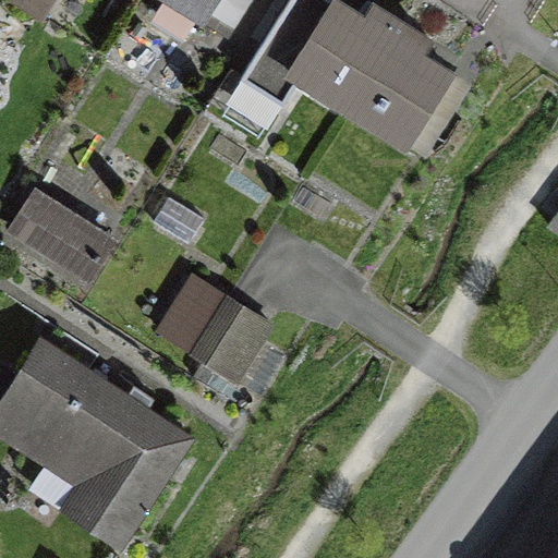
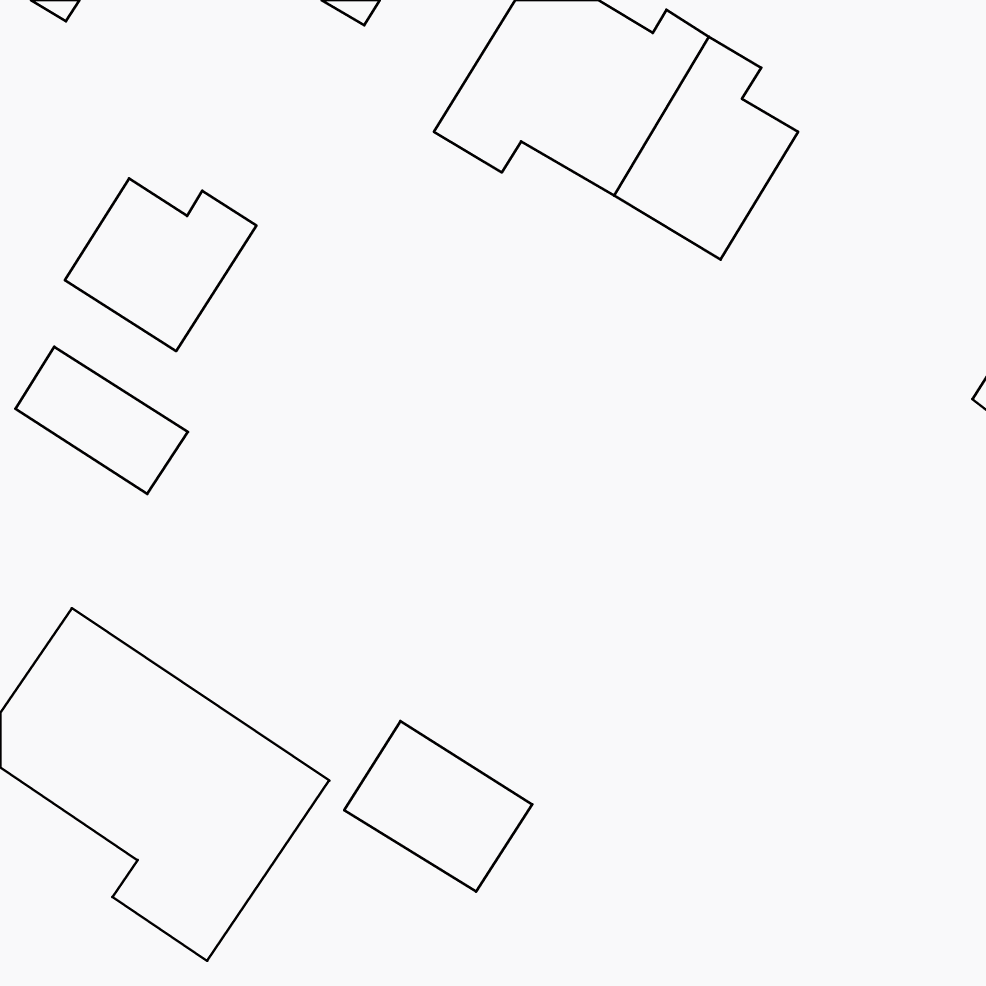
building: none -> [65,178,256,351]
building: [162,283,268,379] -> [344,721,532,892]

